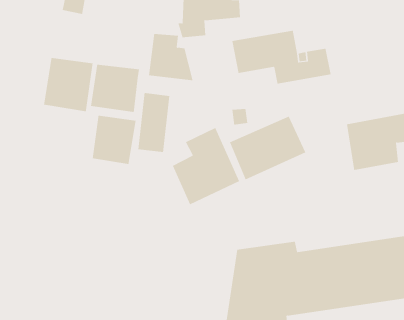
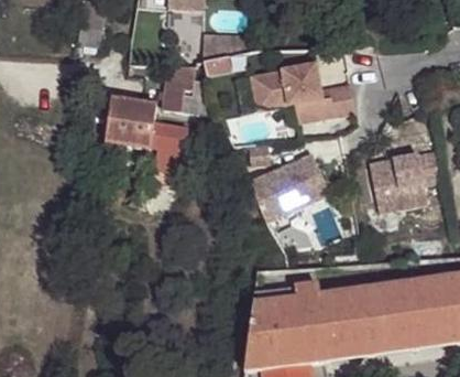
building: [44,57,93,112] -> none
building: [92,115,136,165] -> none
building: [172,127,240,205] -> none

